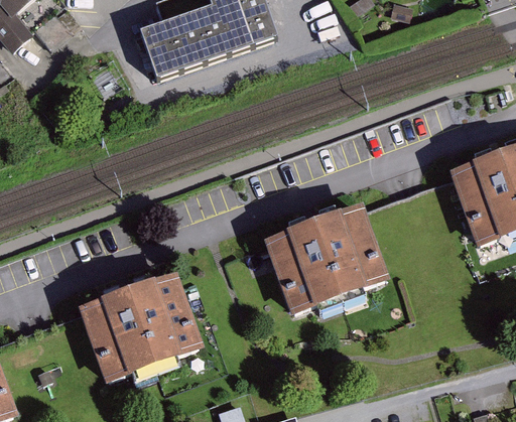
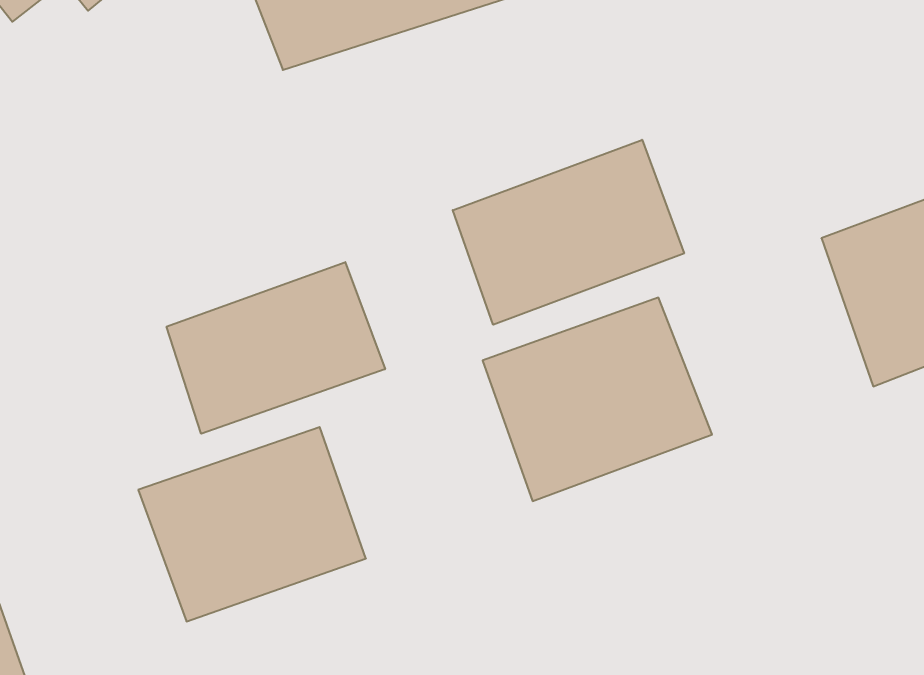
building: none -> [453,140,684,325]
building: none -> [167,262,385,434]

